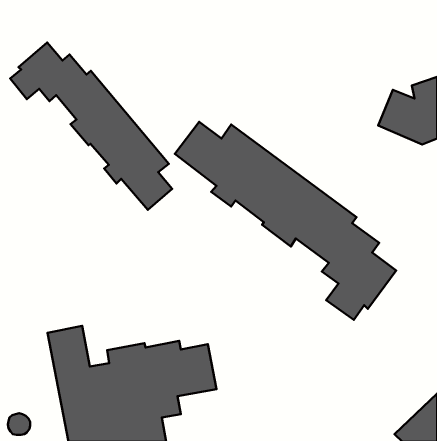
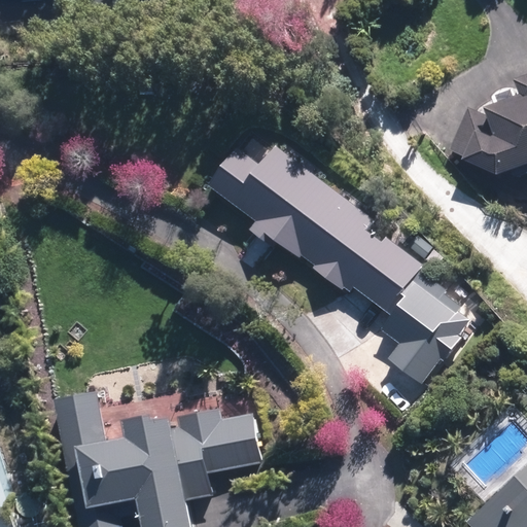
building: [10,43,172,210] -> none

